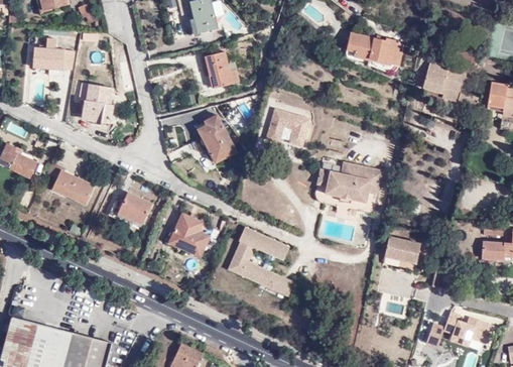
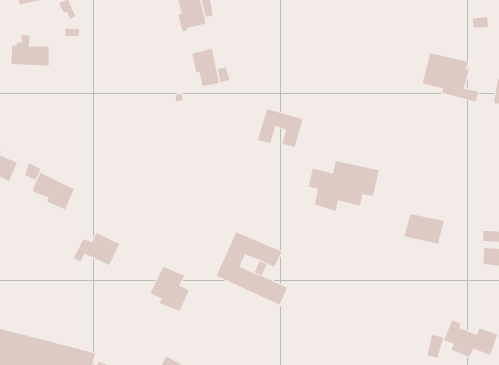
building: [347,27,403,63] -> none
building: [79,83,114,124] -> none
building: [196,115,234,162] -> none
building: [107,191,152,223] -> [72,232,120,266]
building: [167,214,206,257] -> [149,266,190,312]
building: [384,235,423,264] -> [403,213,445,244]

